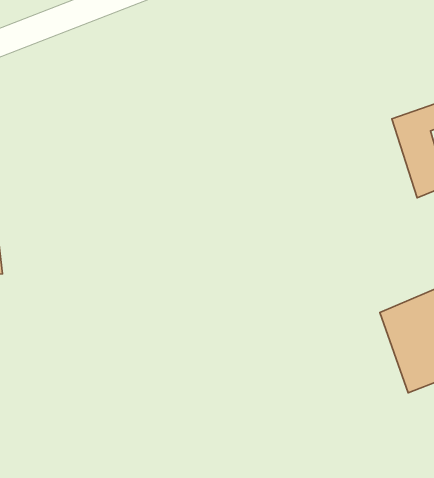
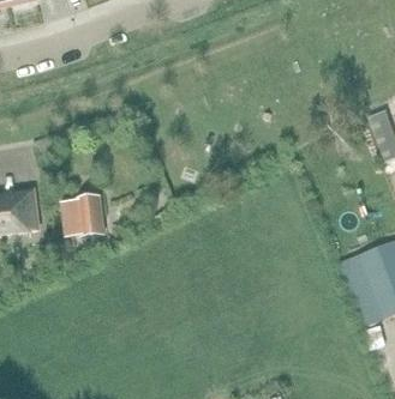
building: none -> [76,194,103,236]

